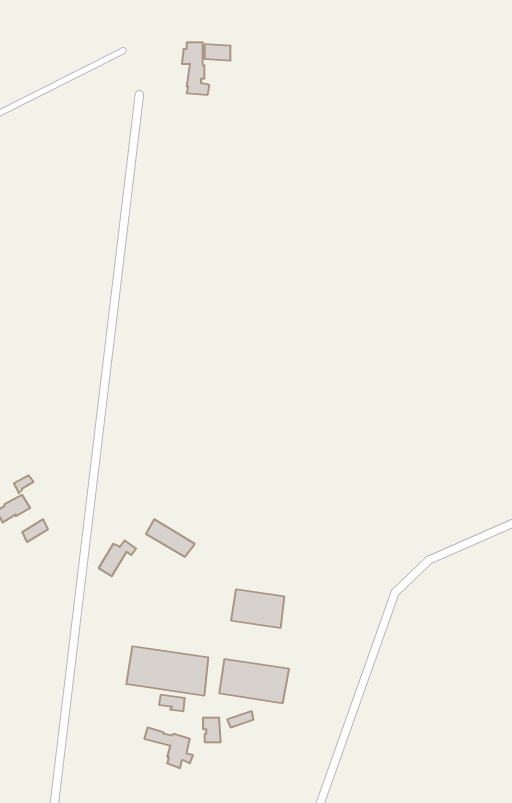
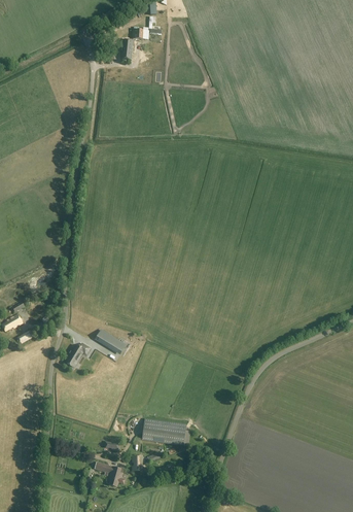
building: [231,589,284,628] -> none
building: [126,646,208,696] -> none

